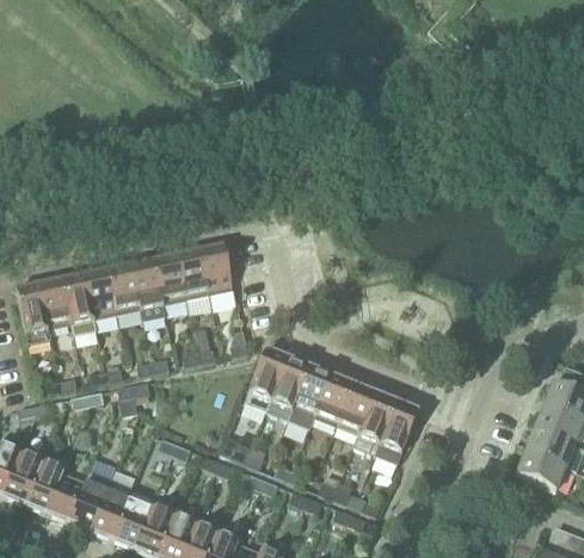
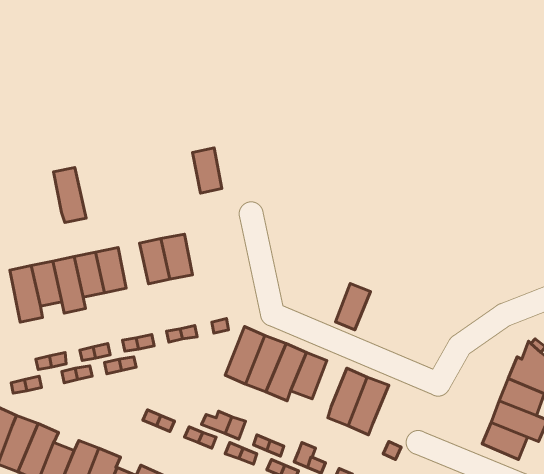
building: [202,247,233,294] -> [193,148,222,193]
building: [131,261,166,320] -> [54,167,86,223]
building: [337,385,374,434] -> [336,283,371,330]

